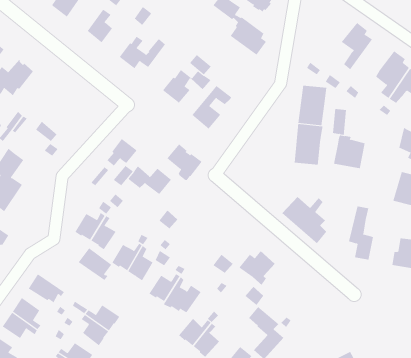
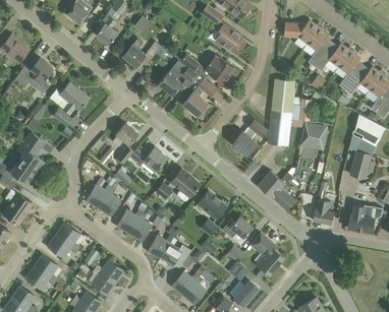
building: none -> [283,20,319,44]
building: none -> [314,42,349,71]
building: none -> [204,55,233,83]
building: none -> [58,83,89,115]
building: none -> [232,120,266,154]
building: [167,143,202,180] -> [170,169,200,199]
building: none -> [198,190,226,219]
building: [78,248,112,281] -> [55,223,84,250]
building: none -> [249,233,284,274]

